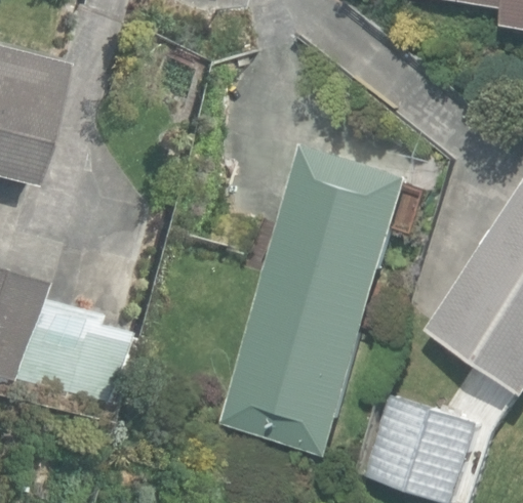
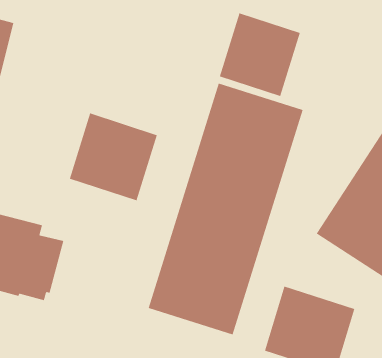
building: none -> [219,12,301,97]
building: none -> [69,112,158,201]

